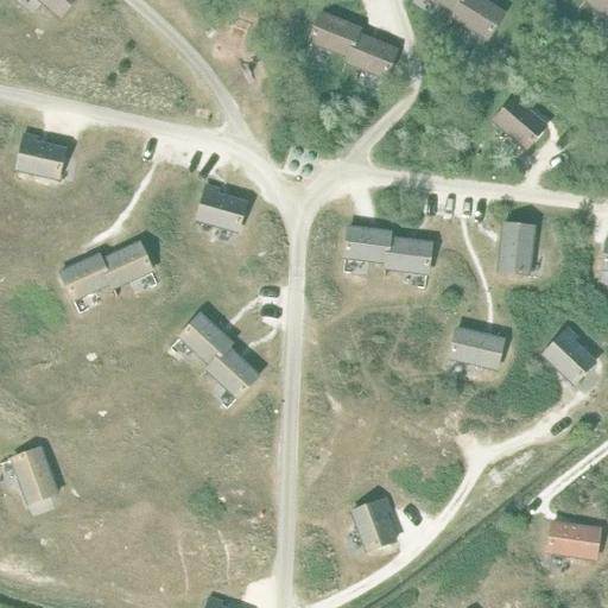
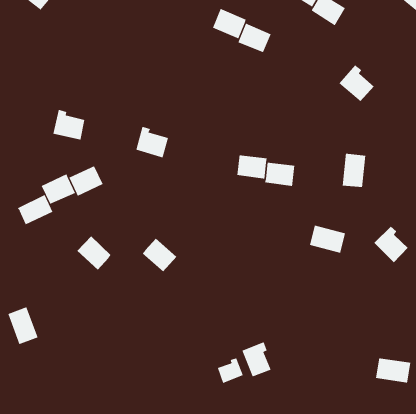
building: [17,132,64,177] -> [53,109,85,140]
building: none -> [17,194,53,225]
building: [180,314,232,365] -> [76,236,112,271]
building: none -> [217,358,244,384]

